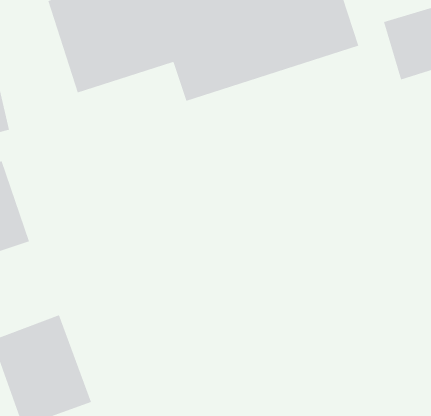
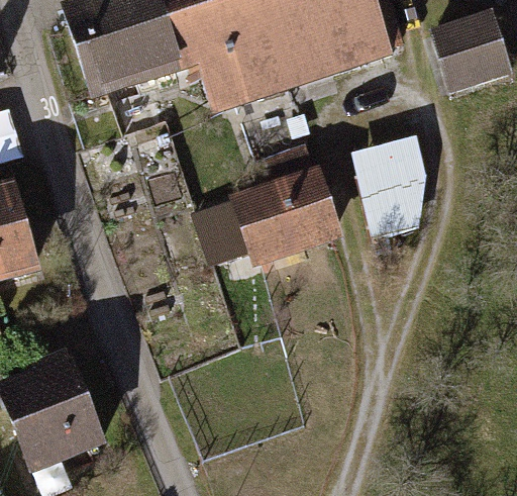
building: none -> [355,129,424,223]
building: none -> [220,141,345,269]

